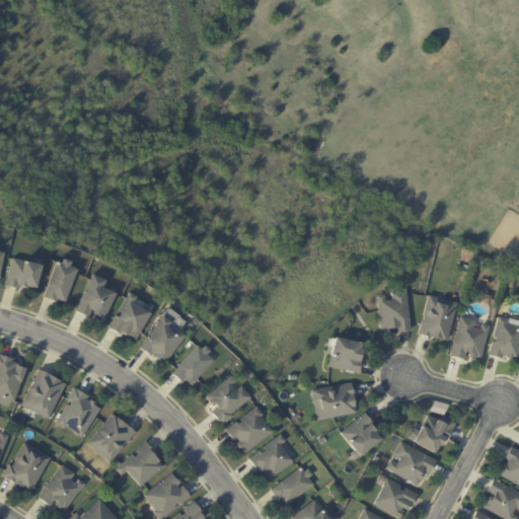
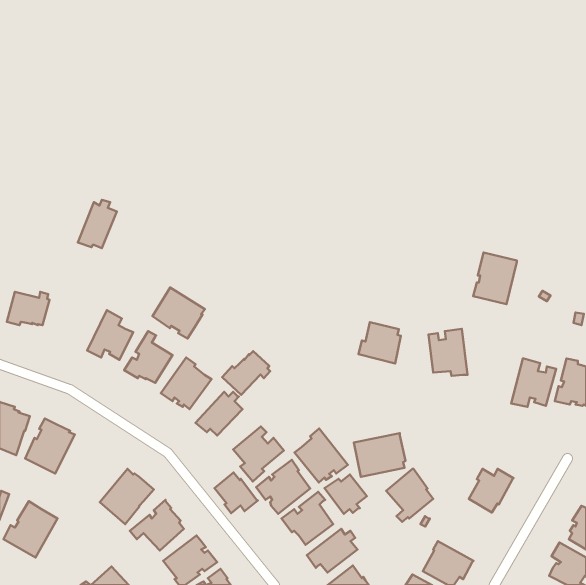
building: none -> [152,288,205,338]
building: [44,258,78,301] -> [78,200,117,248]
building: [420,294,458,340] -> [473,253,517,304]
building: none -> [222,351,270,395]
building: [325,338,363,374] -> [358,322,401,364]
building: none -> [295,429,348,483]
building: [57,387,100,436] -> none
building: none -> [215,473,258,513]
building: none -> [325,475,367,514]
building: [386,440,435,484] -> none
building: [39,464,85,511] -> none

